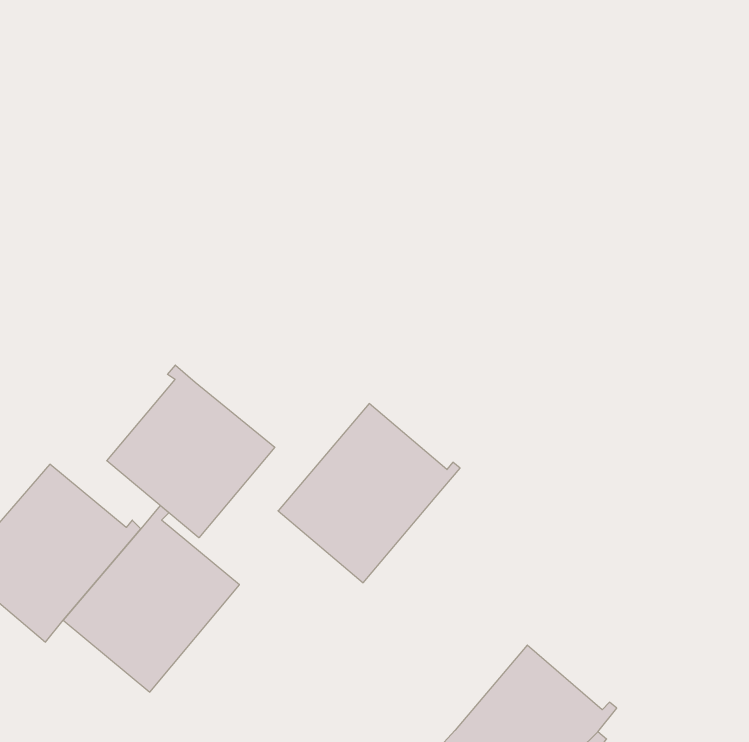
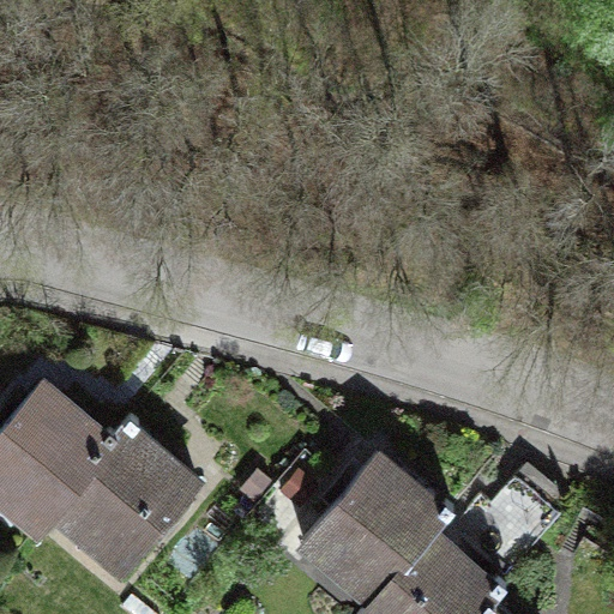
building: [107,365,275,538] -> none
building: [278,404,460,583] -> [302,457,451,603]

